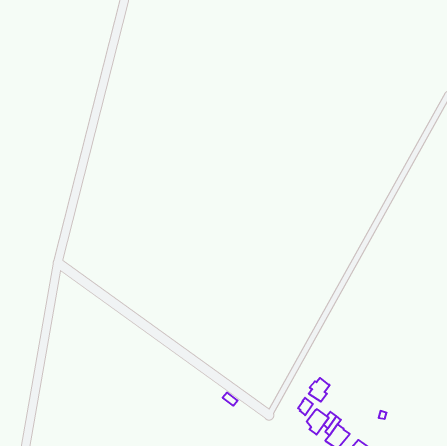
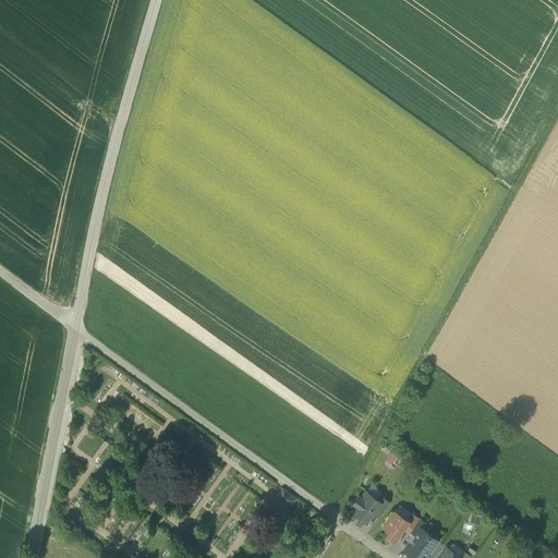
building: [309,378,330,402] -> [352,493,378,522]

